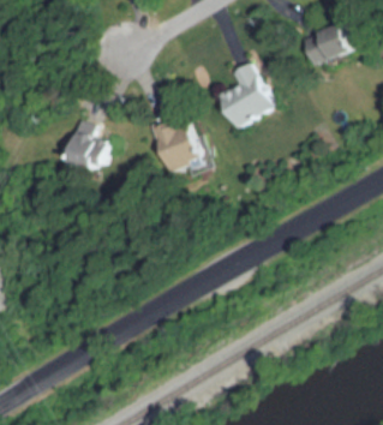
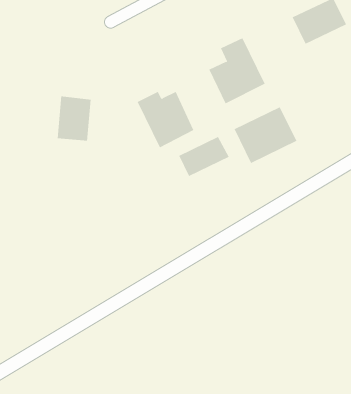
building: none -> [234,107,297,164]
building: none -> [178,136,230,177]

